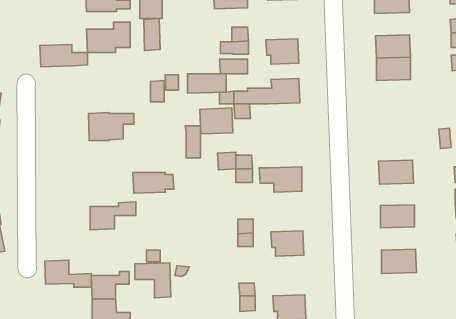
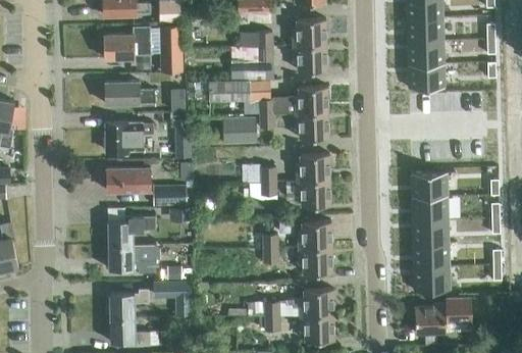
building: none -> [407,17,443,42]
building: none -> [293,19,326,46]
building: [40,45,87,67] -> [105,82,155,105]
building: none -> [295,112,328,139]
building: [185,126,201,158] -> [174,125,191,159]
building: none -> [296,154,330,181]
building: none -> [107,167,152,192]
building: none -> [412,197,449,220]
building: none -> [298,221,331,248]
building: none -> [413,243,450,267]
building: [45,260,91,287] -> [108,245,157,273]
building: none -> [300,289,333,315]
building: none -> [415,298,472,334]

